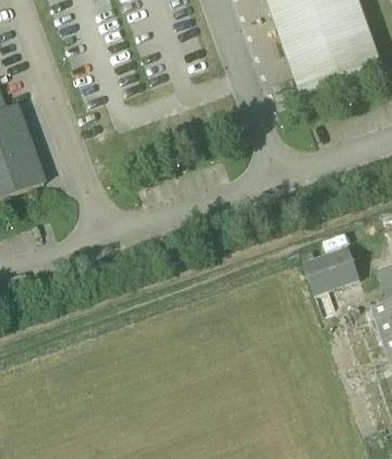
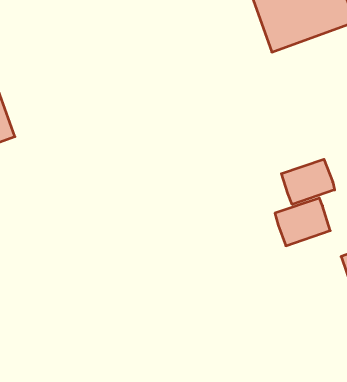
building: none -> [281,159,335,204]

